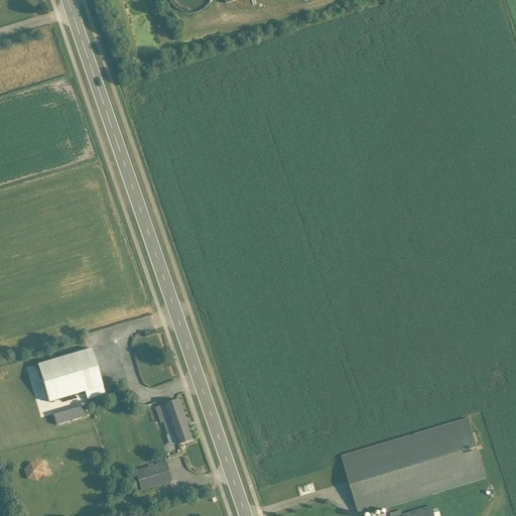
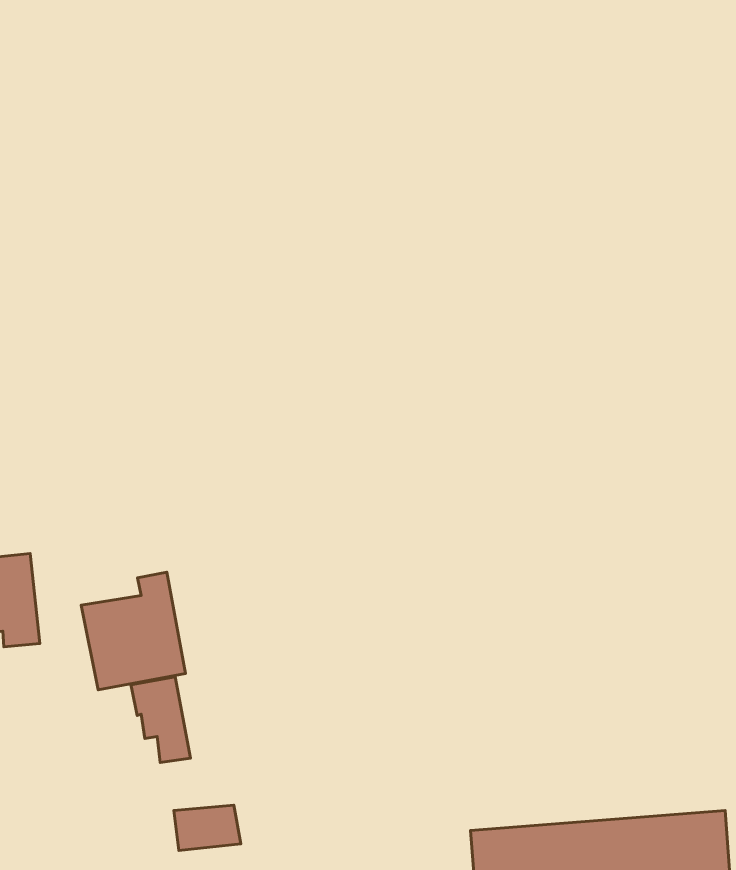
building: none -> [81,572,186,690]
building: [133,461,170,489] -> [174,805,241,851]

